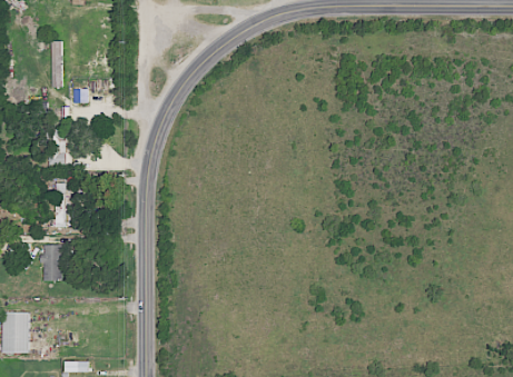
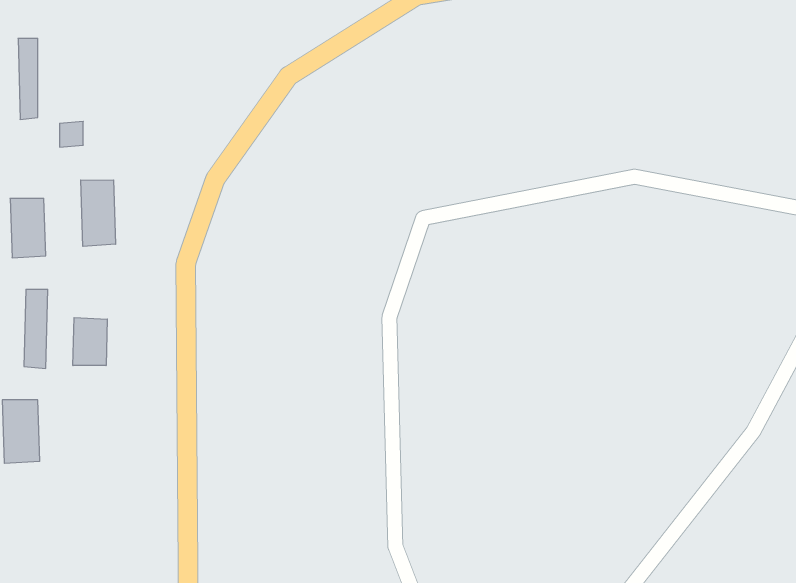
building: none -> [81,180,116,246]
building: none -> [73,318,107,366]

